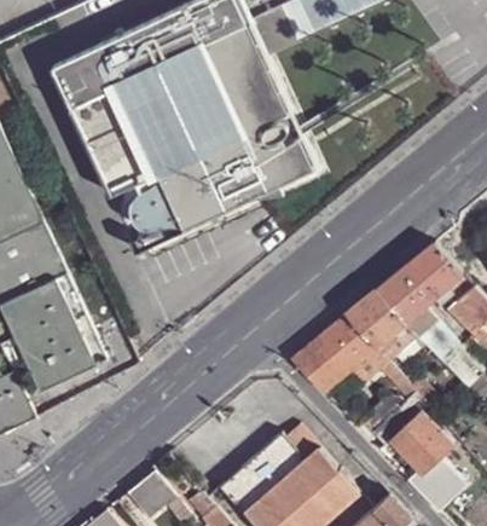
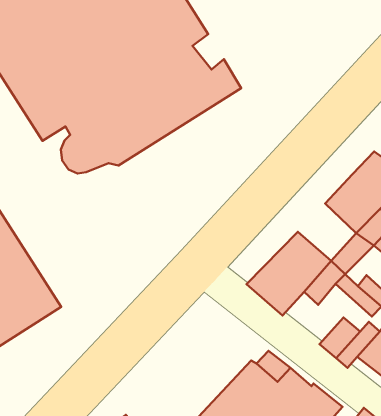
building: [347,290,404,347] -> none

